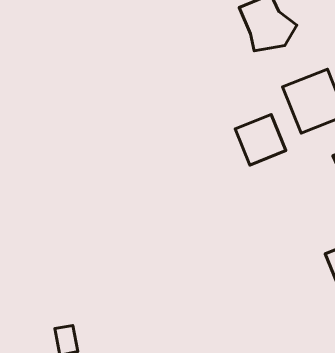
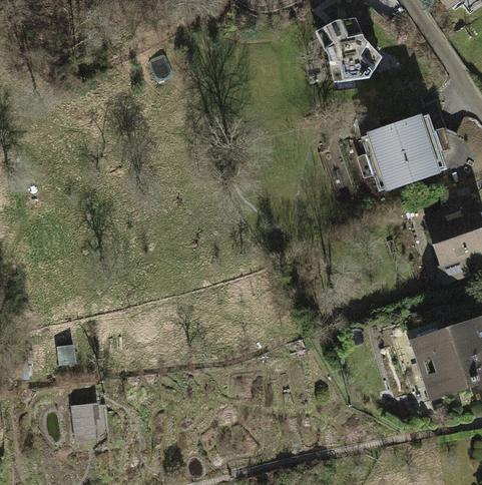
building: [235,114,286,165] -> none

